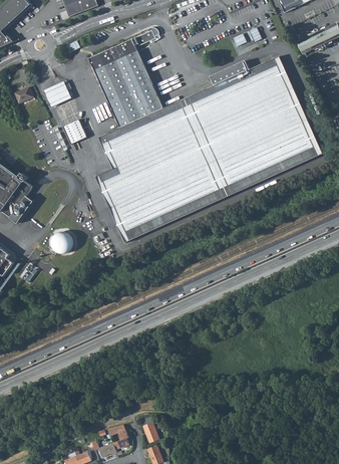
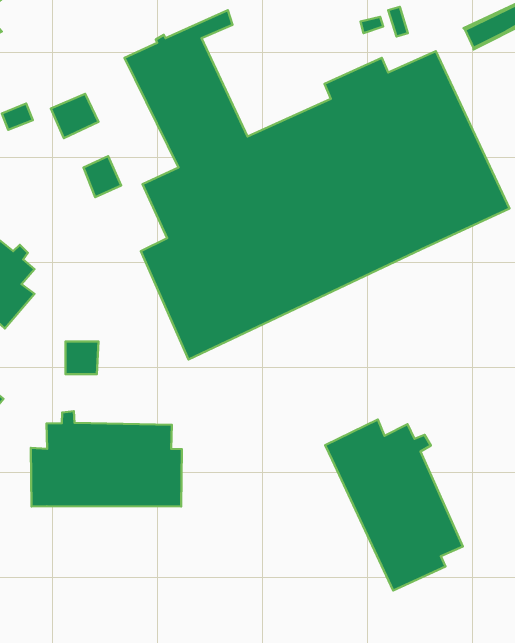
building: none -> [31,411,182,506]
building: none -> [325,419,463,591]

